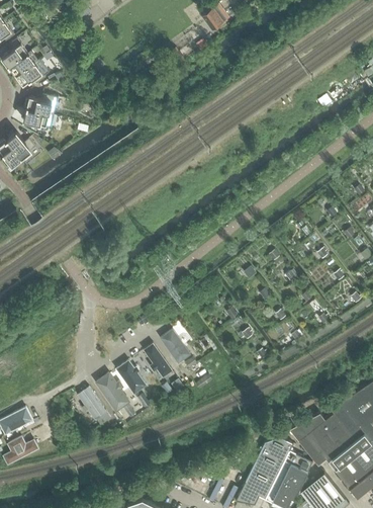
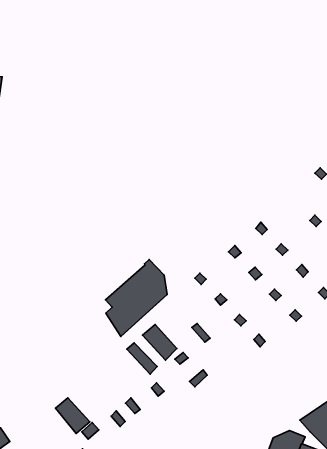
building: none -> [105,260,167,337]
building: [115,361,145,395] -> none
building: [95,373,126,410] -> none

